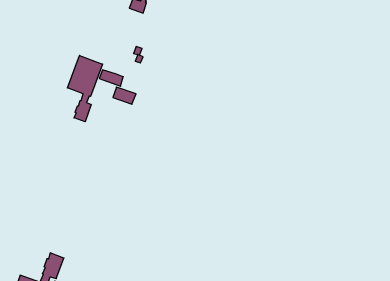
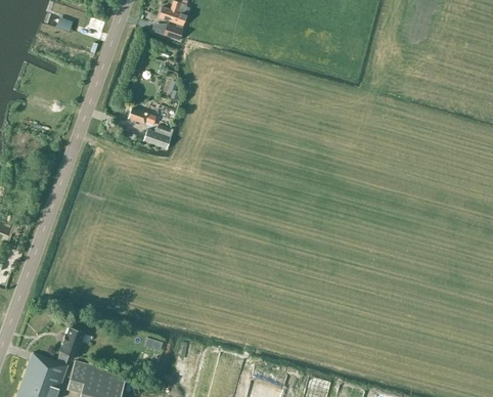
building: [67,55,103,122] -> none

